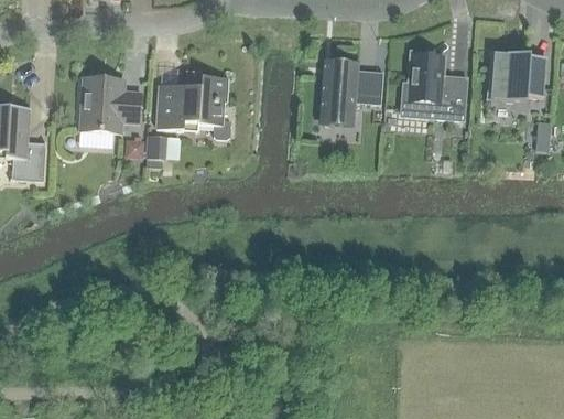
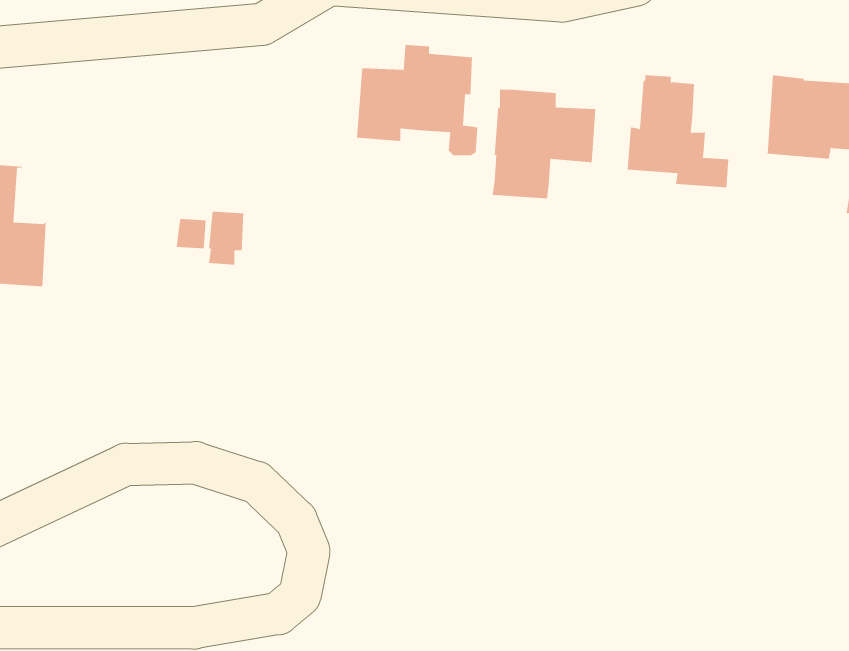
building: [156,71,231,139] -> [356,45,478,156]
building: [79,77,141,132] -> none

